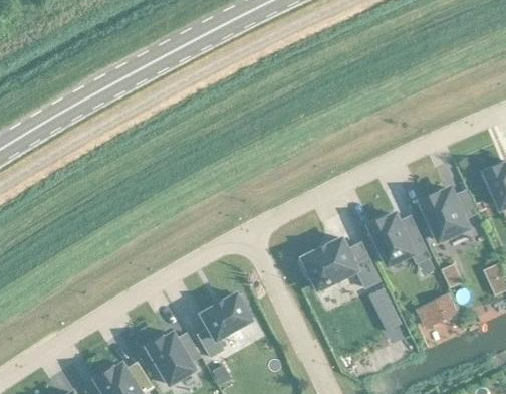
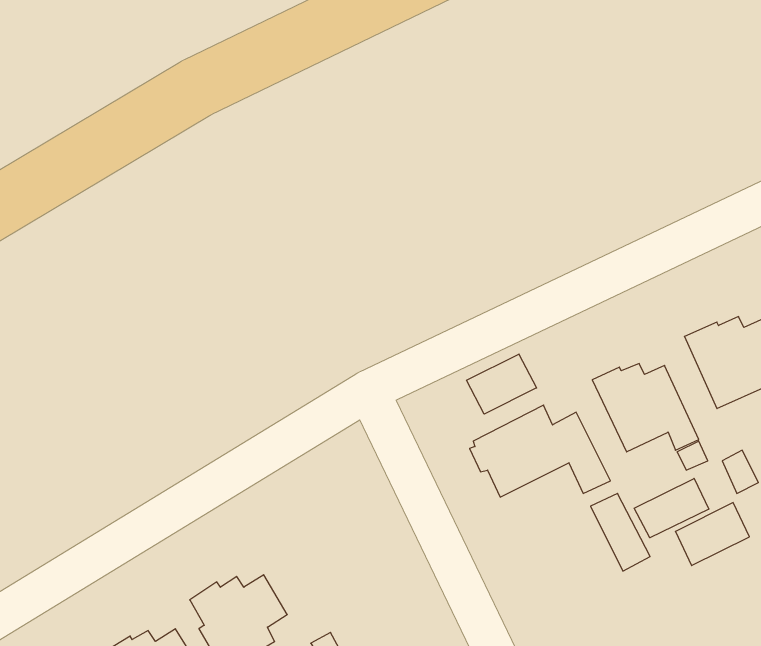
building: none -> [467,354,537,414]
building: none -> [634,478,709,538]
building: [198,294,251,357] -> none

